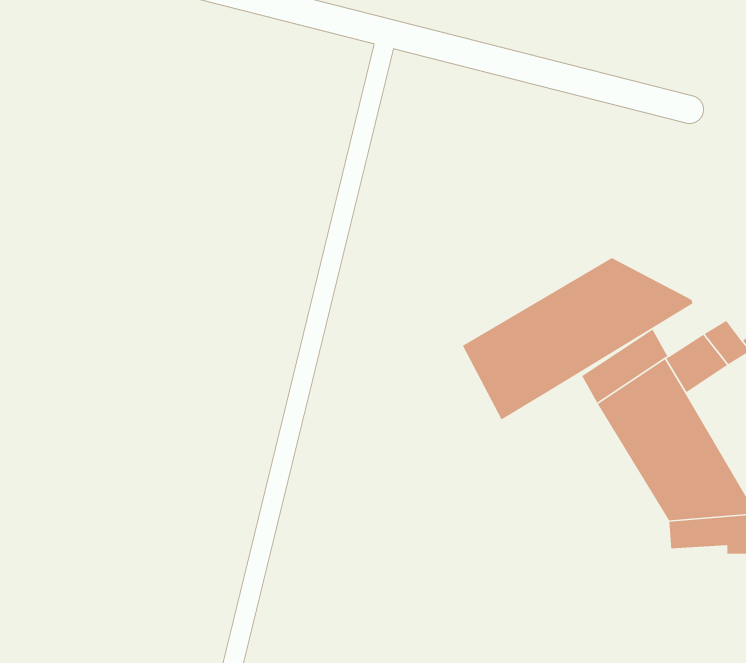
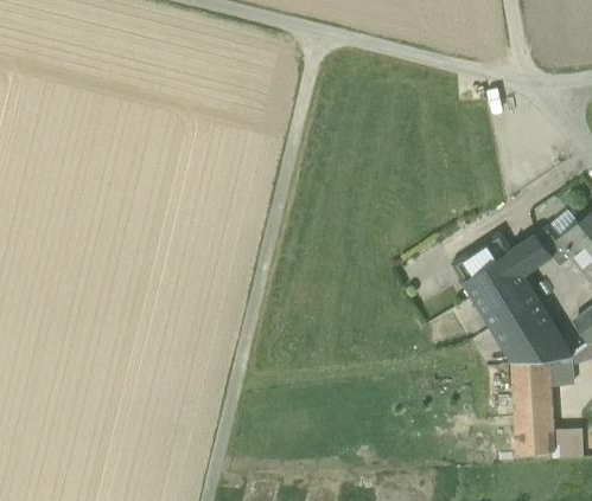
building: [462,257,695,421] -> none
building: none -> [514,379,556,452]

